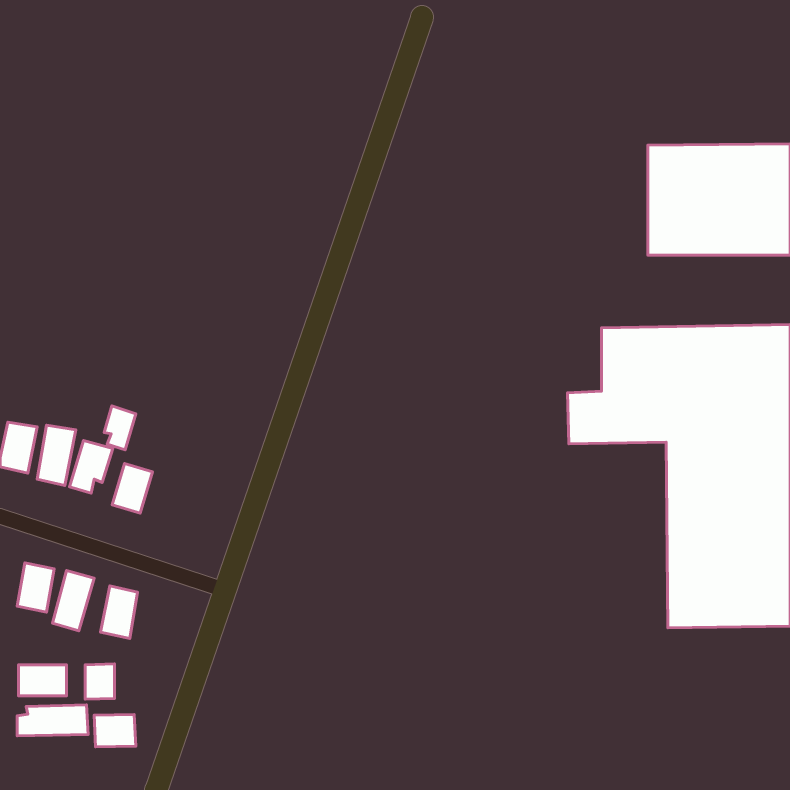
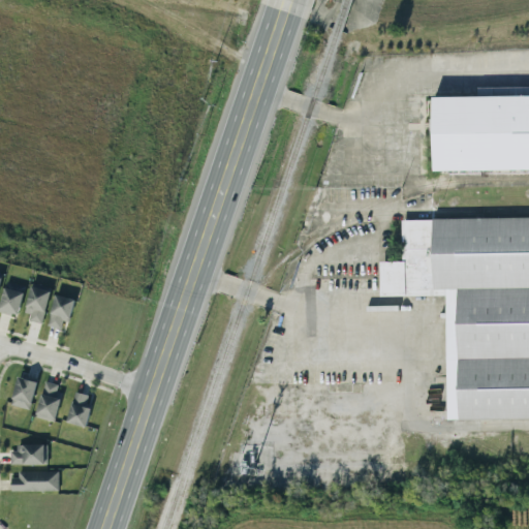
building: [104,406,136,450] -> none
building: [112,463,152,513] -> none
building: [85,664,114,699] -> none
building: [94,714,136,747] -> none

